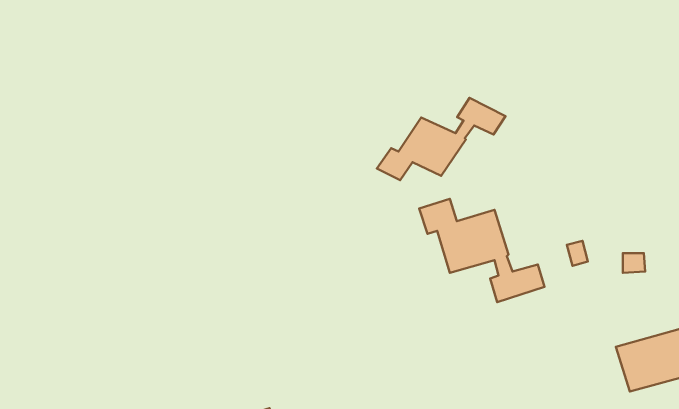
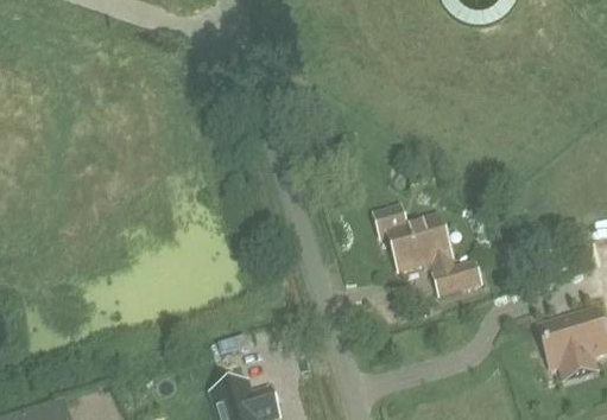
building: [377,98,506,180] -> none

